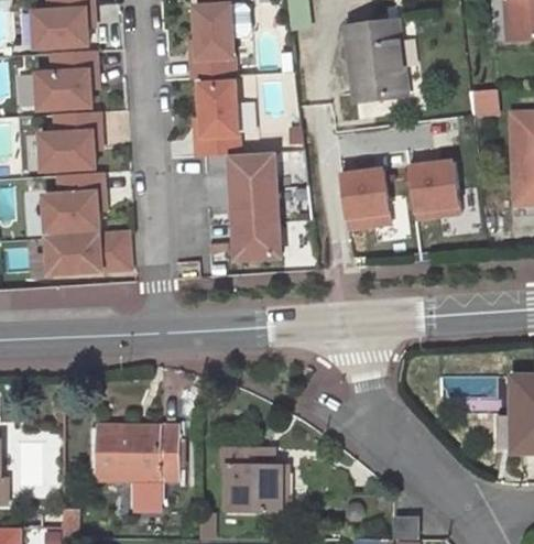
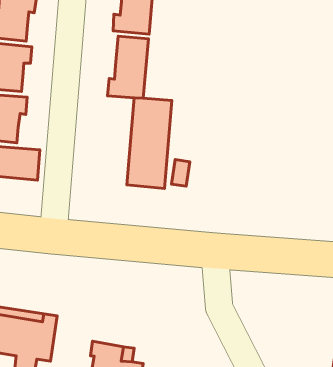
building: [347,22,403,102] -> none
building: [407,160,461,216] -> none
building: [339,170,390,228] -> none

